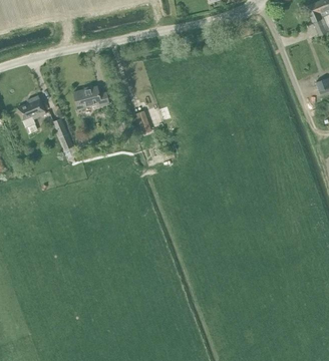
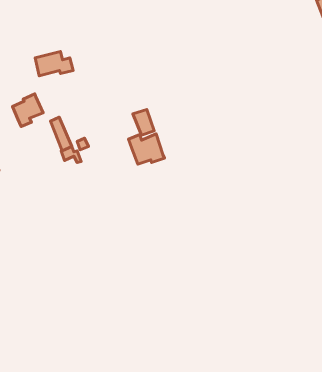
building: [73,85,109,108] -> [35,51,73,76]
building: none -> [129,134,165,164]

